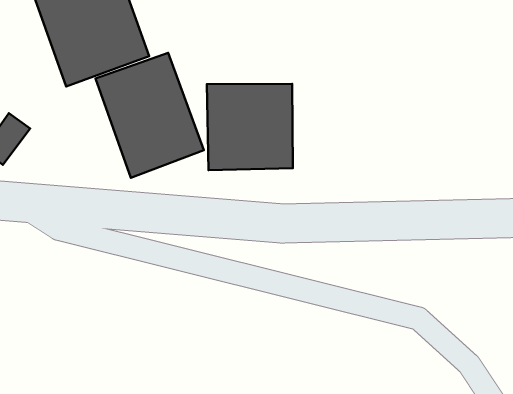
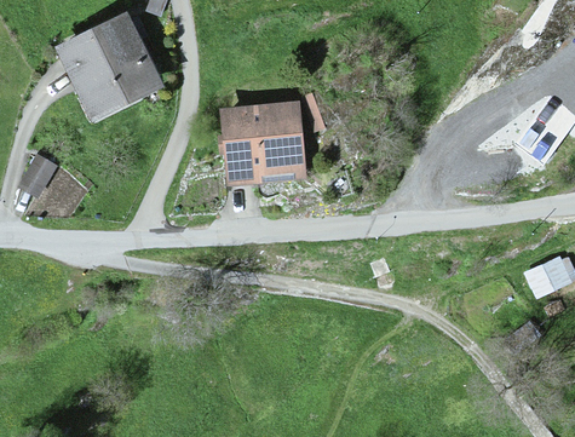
building: [96,53,204,178] -> none

